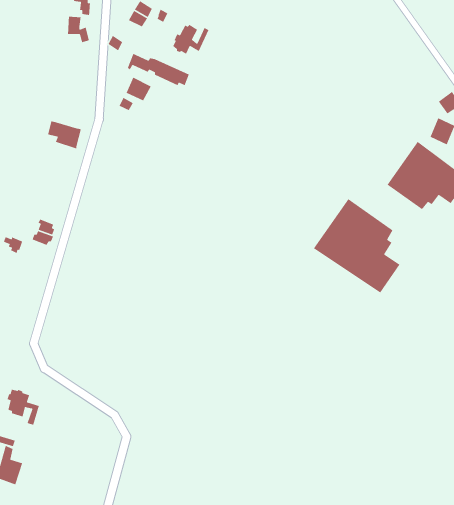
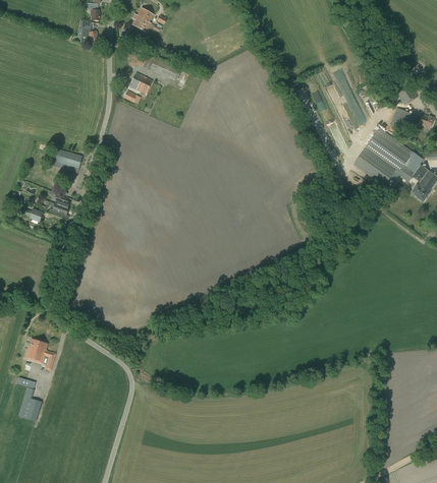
building: [172,24,210,55] -> none
building: [47,121,82,149] -> [52,148,81,173]
building: [313,198,400,293] -> none

